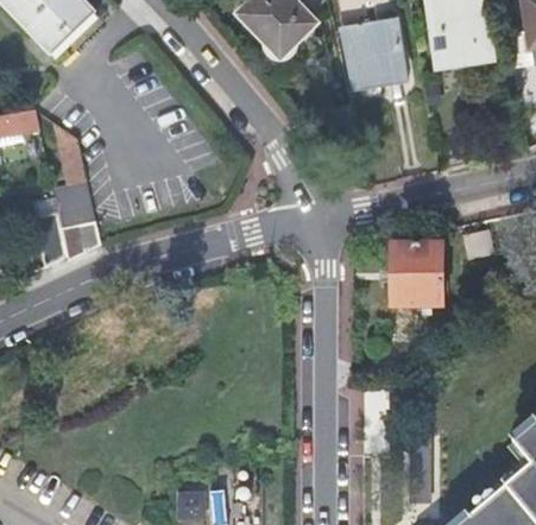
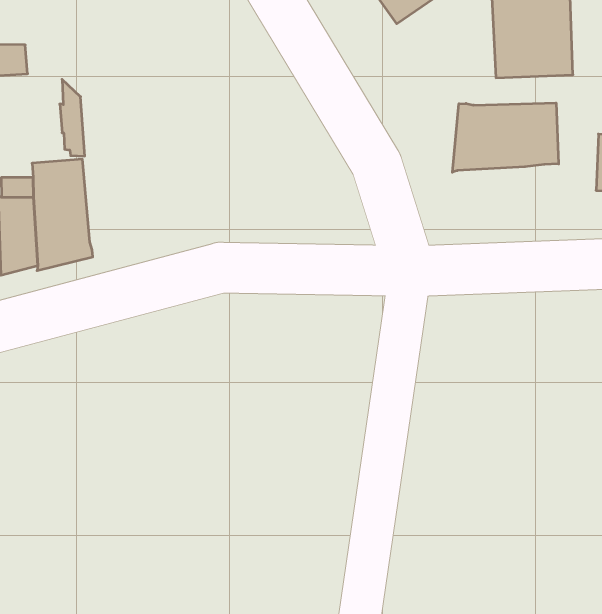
building: none -> [452,103,559,172]
building: [392,248,443,309] -> none

